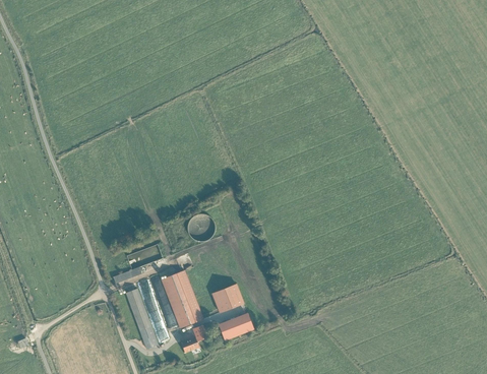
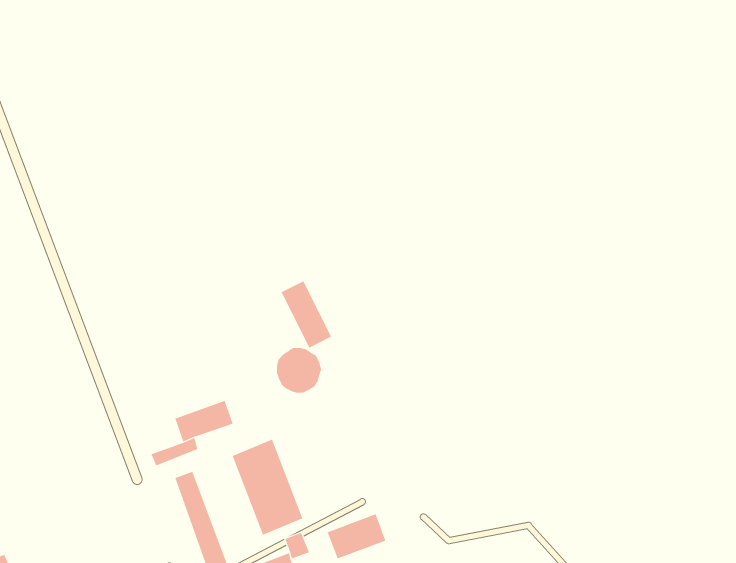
building: none -> [281,280,332,348]
building: [214,282,244,310] -> none

